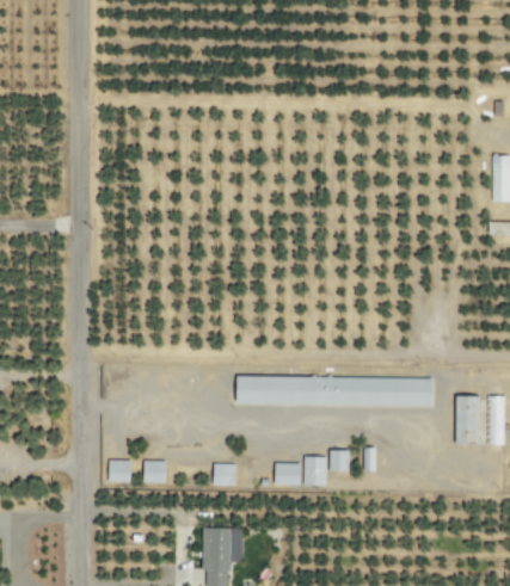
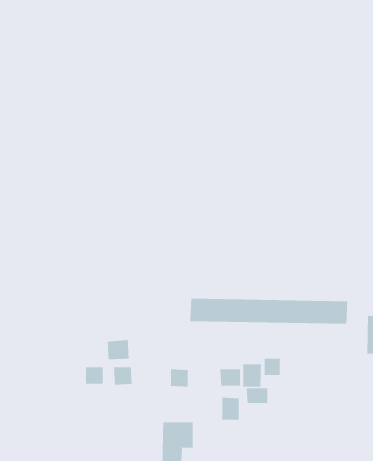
building: none -> [107,339,129,360]
building: none -> [246,387,268,404]
building: none -> [222,397,239,420]

